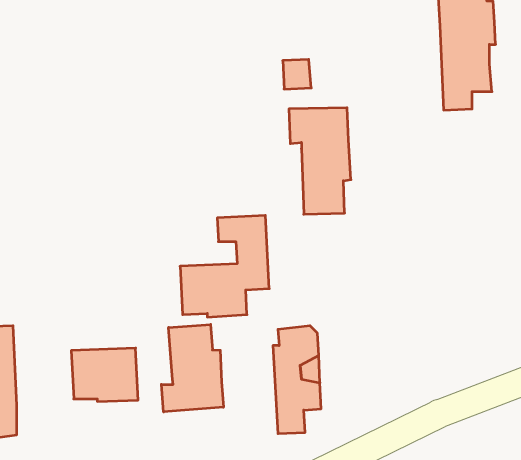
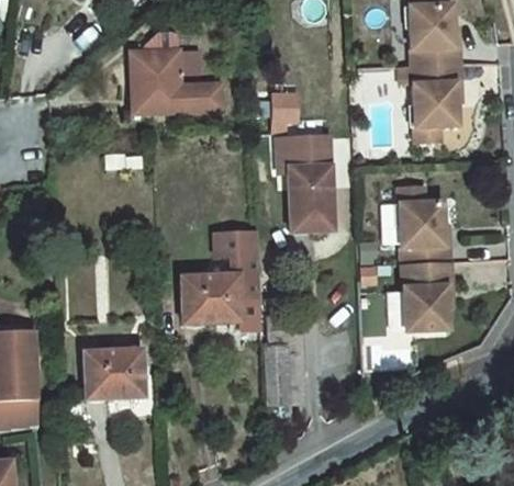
building: none -> [130,49,221,112]
building: none -> [398,184,451,328]
building: [161,324,223,412] -> none

